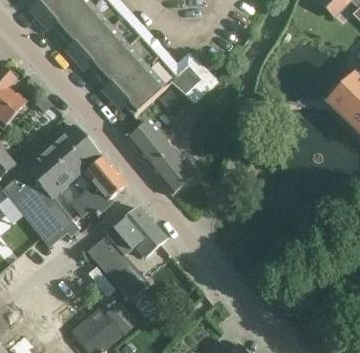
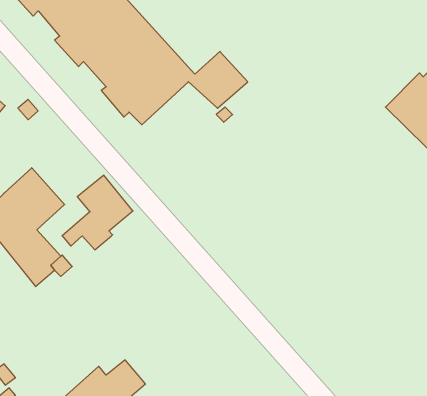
building: [127,120,194,194] -> none
building: [47,123,101,178] -> none
building: [87,206,166,299] -> none

